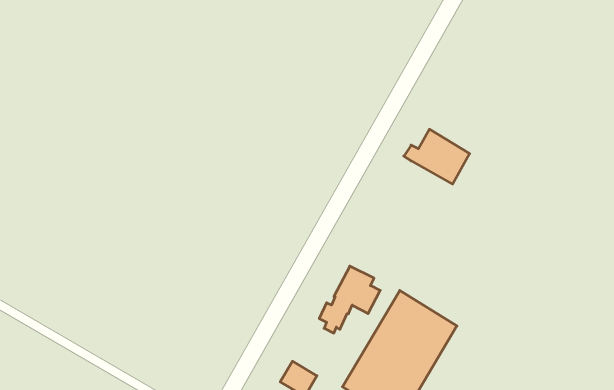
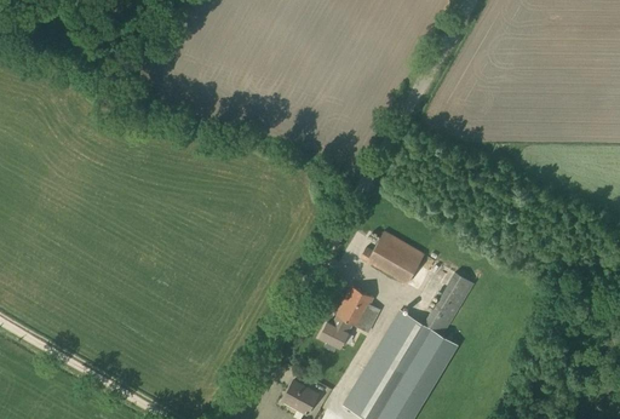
building: [404,129,470,184] -> [358,231,424,286]
building: none -> [424,272,473,335]

